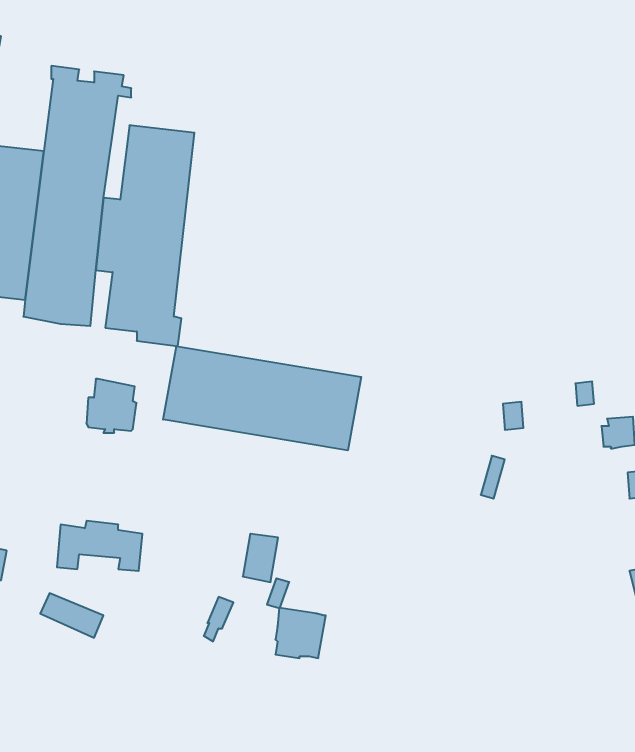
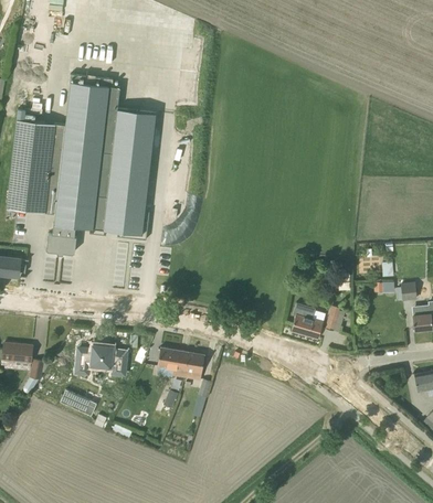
building: [163,346,361,450] -> none
building: [86,379,137,433] -> [46,223,76,255]
building: none -> [291,302,323,339]
building: [275,608,326,658] -> [158,347,188,377]

